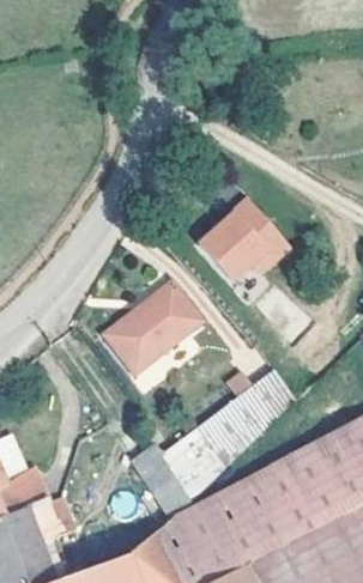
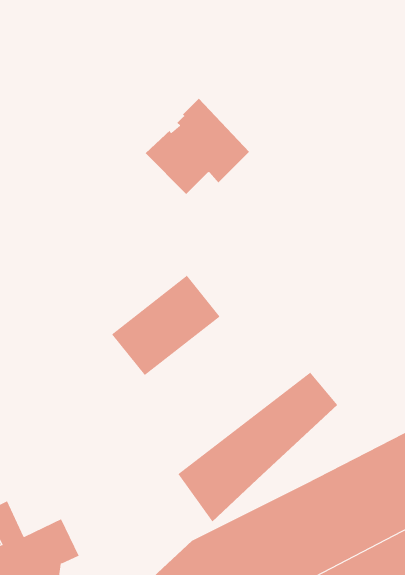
building: [195,196,286,280] -> [145,98,250,195]
building: [141,456,190,514] -> none

